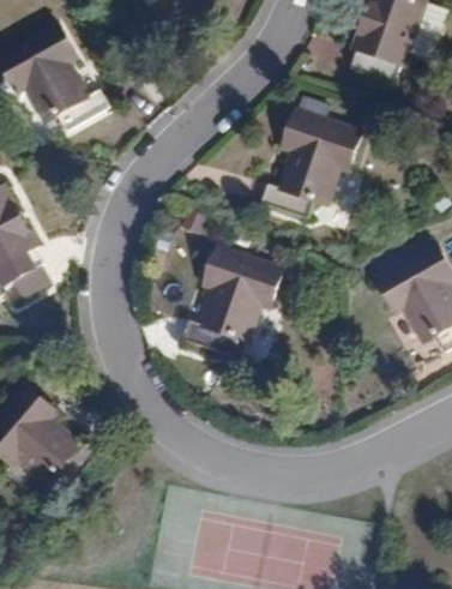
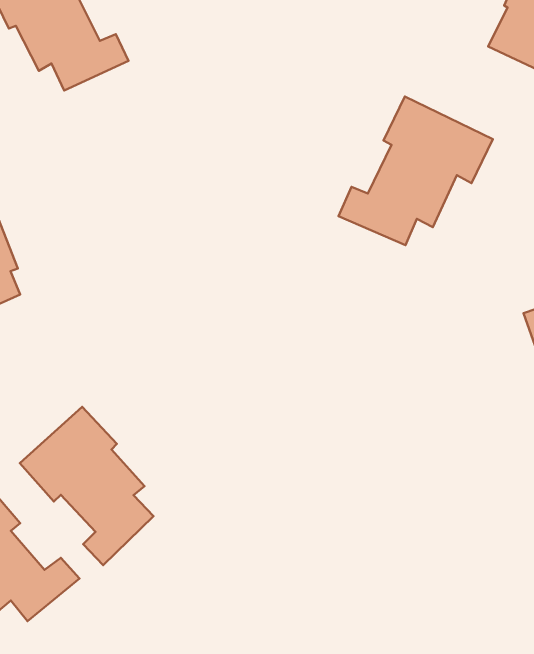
building: [174,258,275,365] -> none
building: none -> [20,407,153,565]

